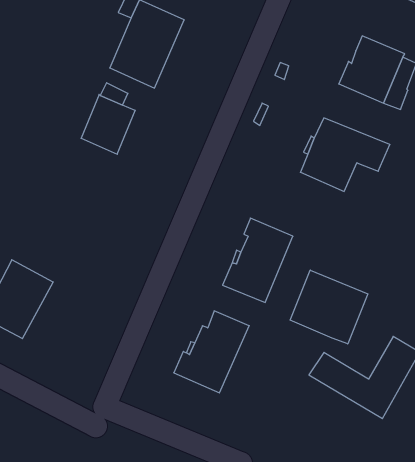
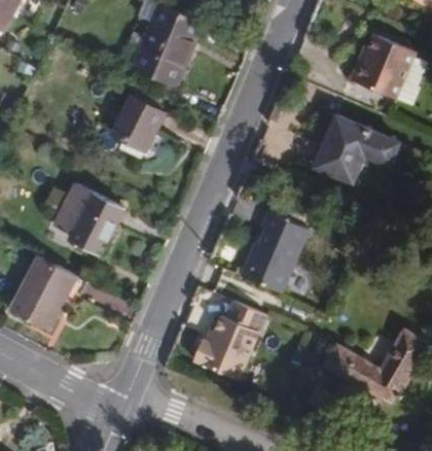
building: none -> [60,181,127,251]
building: [290,270,368,344] -> none

